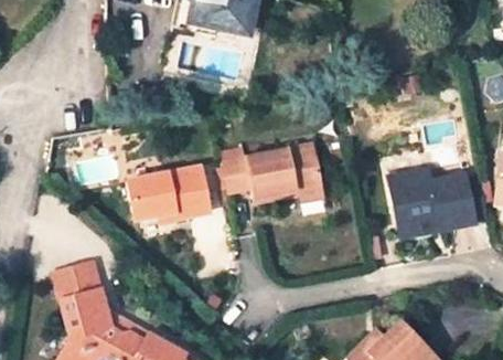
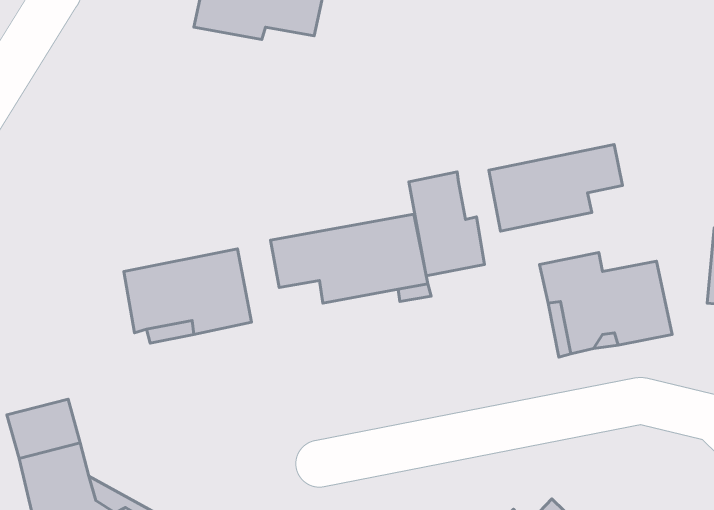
building: none -> [489,144,622,231]
building: none -> [409,172,485,276]

